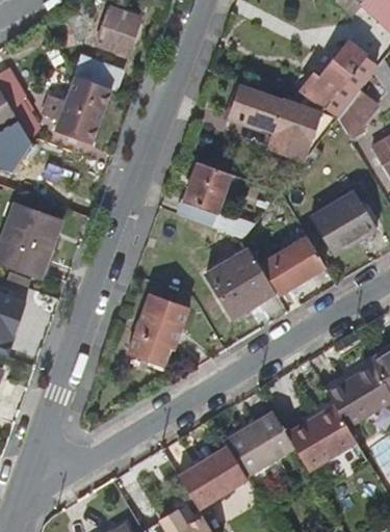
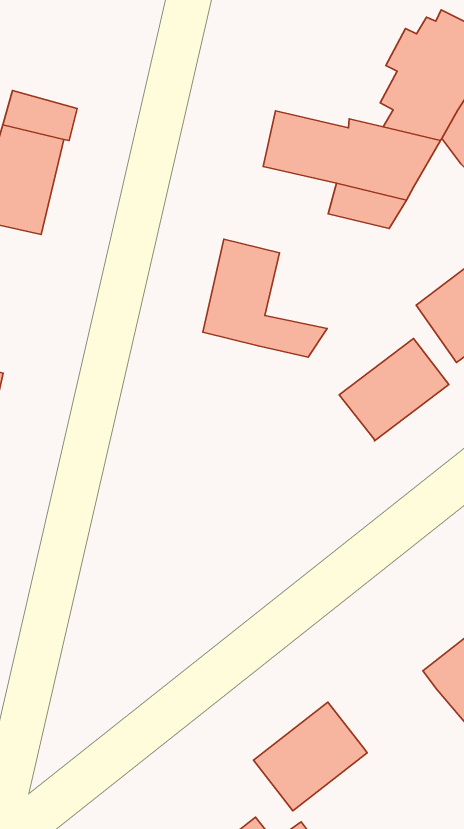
building: [99,8,139,52] -> none
building: [205,242,276,312] -> none
building: [130,294,188,361] -> none
building: [225,411,294,476] -> none

